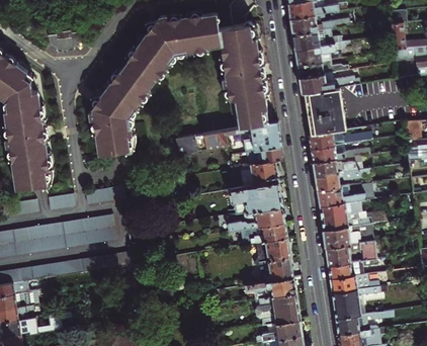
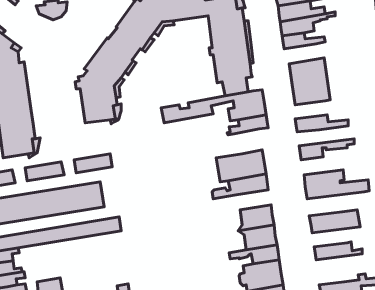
building: [300,74,359,95] -> none
building: [309,132,371,150] -> none
building: [249,160,277,185] -> none
building: [313,161,362,177] -> none
building: [317,187,373,206] -> none
building: [241,222,286,244] -> none
building: [323,224,381,248] -> none
building: [328,259,377,279] -> none
building: [332,285,387,318] -> none

